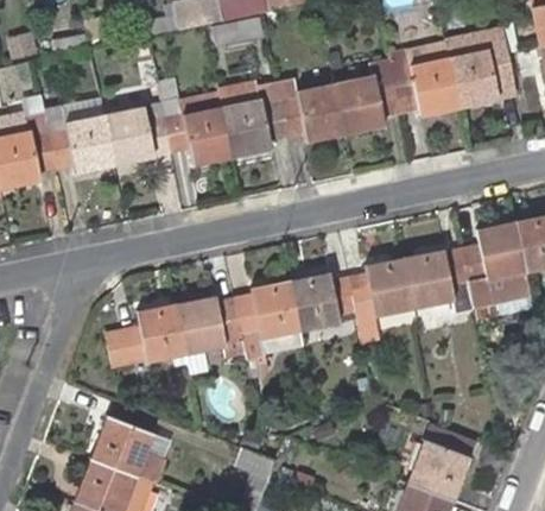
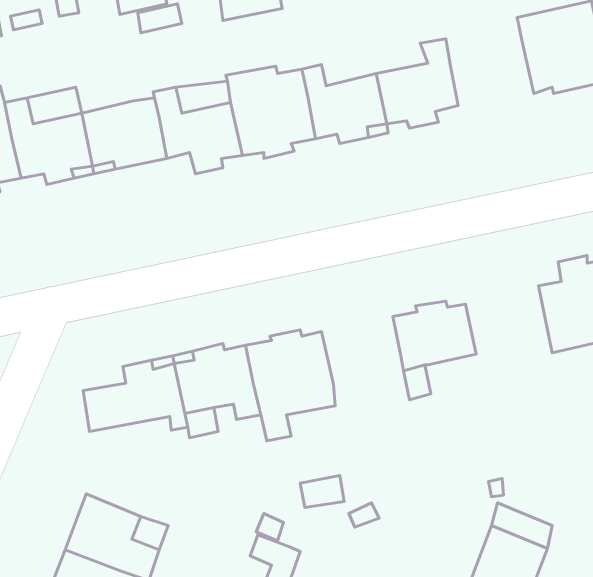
building: [388,43,458,115] -> none
building: [405,253,474,315] -> none
building: [292,277,354,330] -> none

